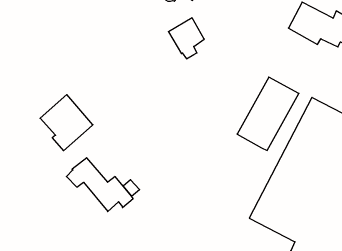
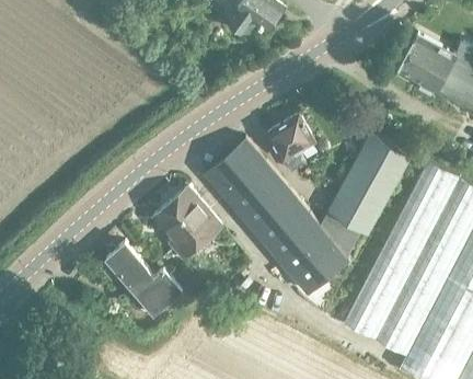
building: [168,18,204,59] -> [267,117,315,172]
building: none -> [205,139,350,296]
building: [40,95,93,151] -> [152,187,223,263]

